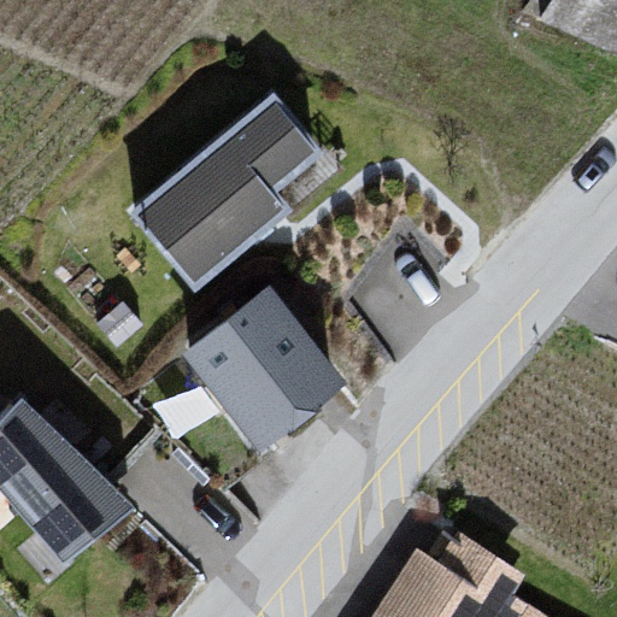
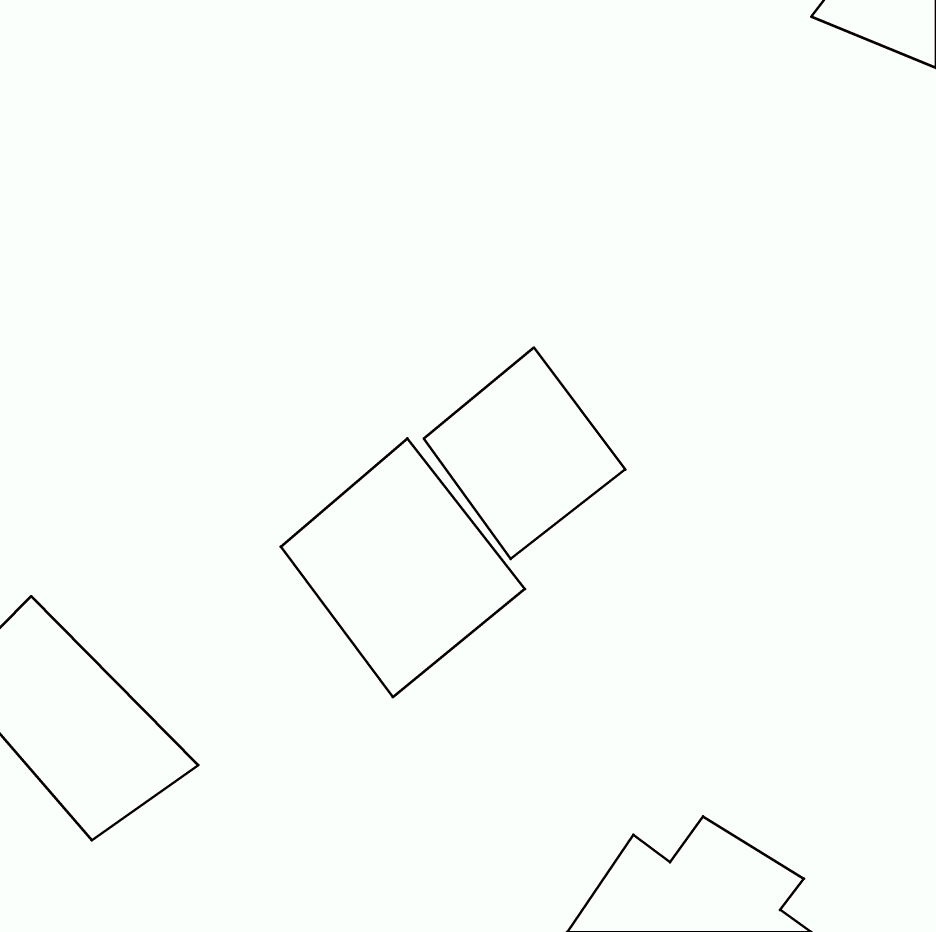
building: [130,101,321,292] -> none
building: none -> [424,348,625,559]

